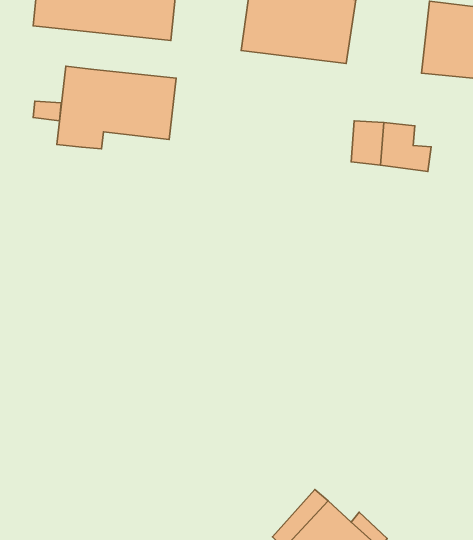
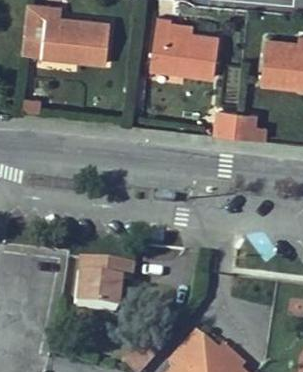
building: [57,66,176,149] -> none
building: none -> [73,259,133,313]

